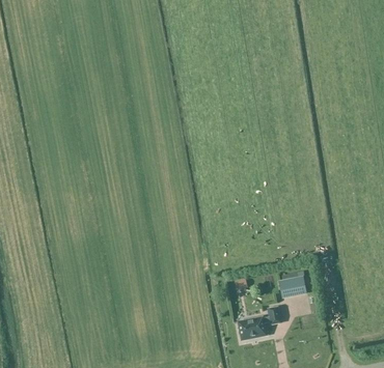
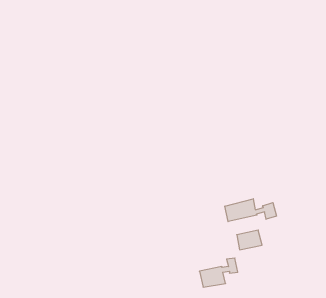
building: none -> [225,199,276,222]

